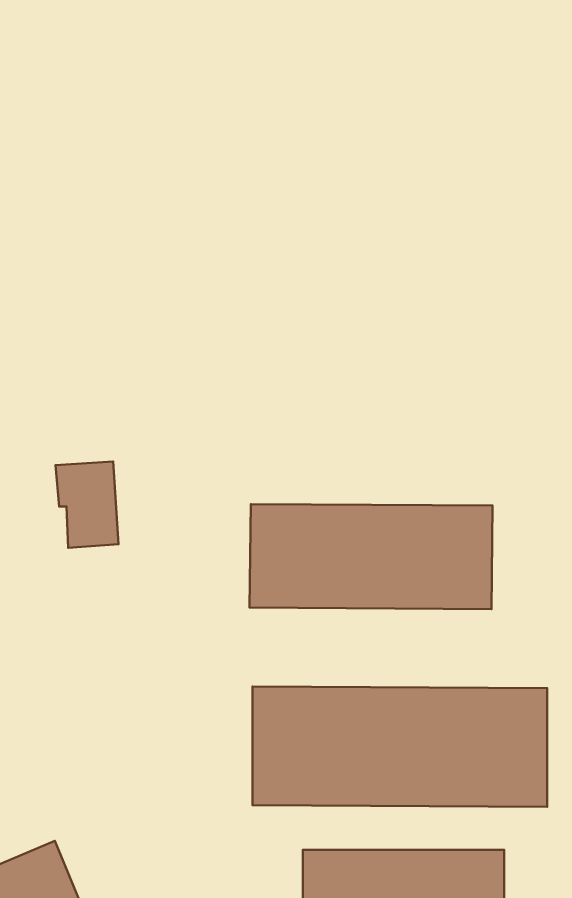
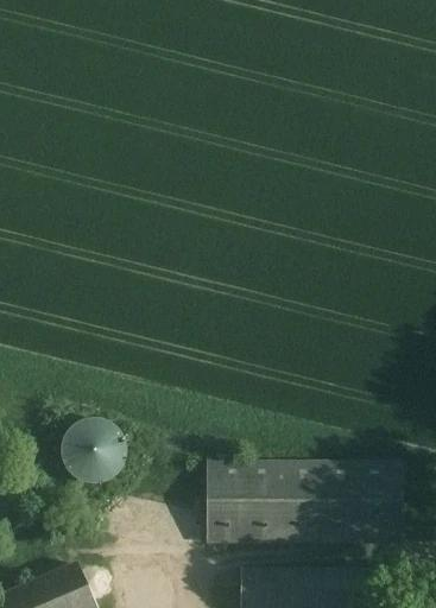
building: [56,461,119,548] -> [75,423,116,480]
building: [250,504,493,609] -> none

